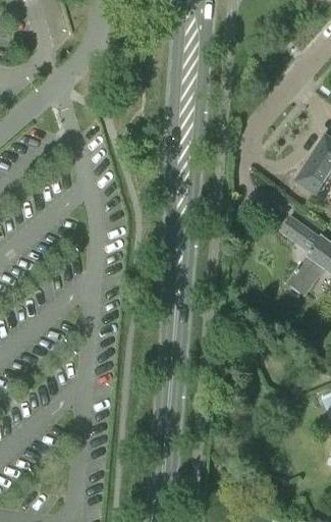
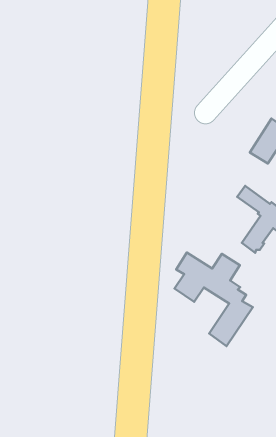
building: none -> [174,252,253,346]

